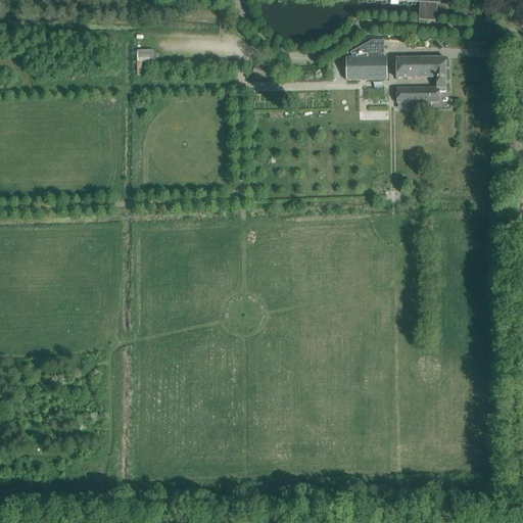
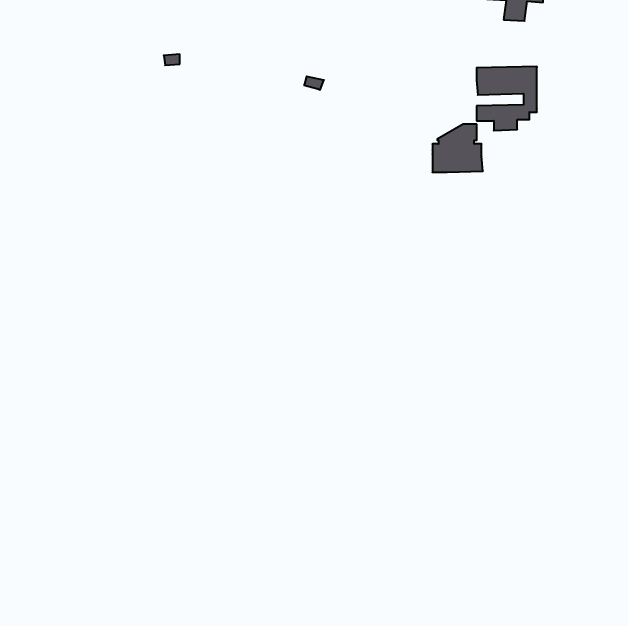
building: [345,38,387,78] -> [432,124,483,172]

